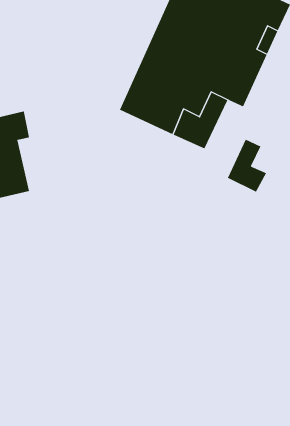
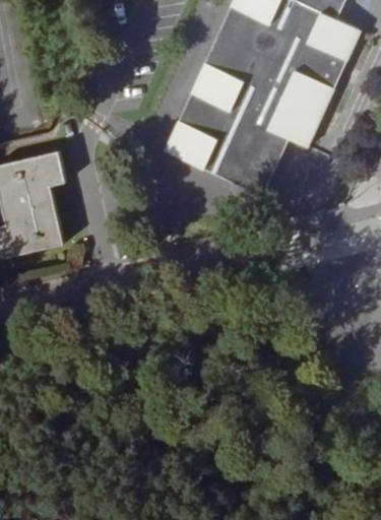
building: [227,139,267,193] -> none

